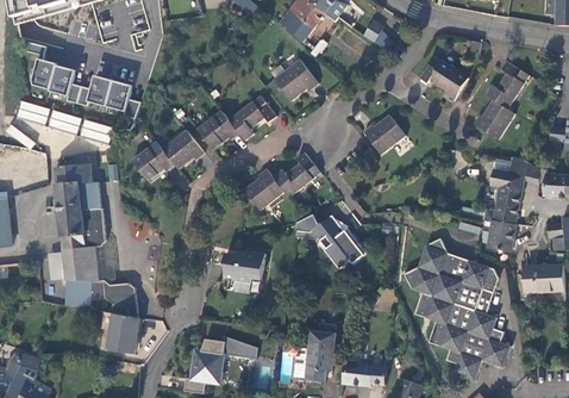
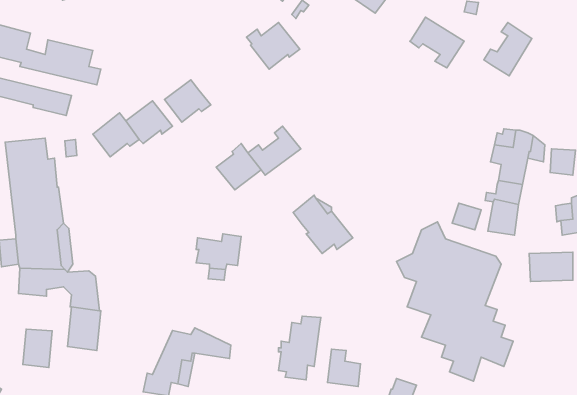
building: [227,95,275,141] -> none
building: [471,98,513,138] -> none
building: [362,114,404,154] -> none
building: none -> [23,329,52,367]

